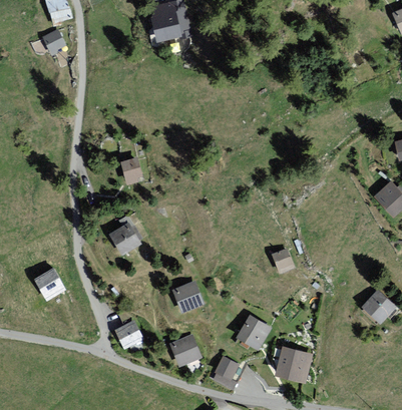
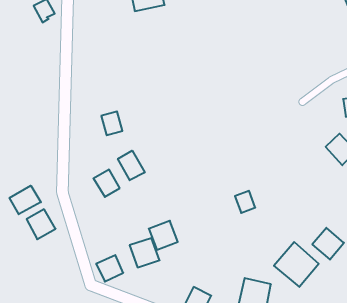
building: none -> [118,151,145,180]
building: none -> [10,186,41,214]
building: none -> [274,242,319,287]
building: [237,316,270,350] -> none
building: [167,334,202,367] -> [130,238,160,267]

